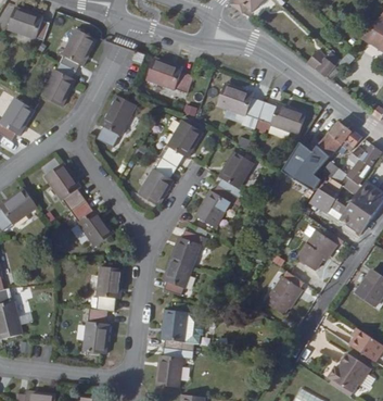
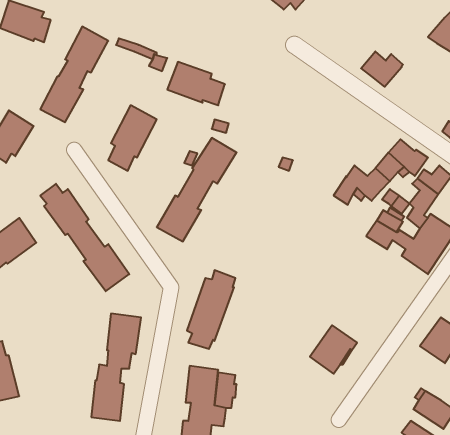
building: [216,82,306,135] -> none
building: [194,150,254,227] -> none
building: [296,228,337,271] -> none

